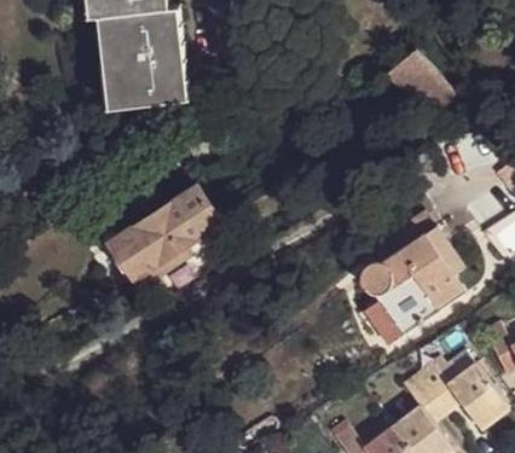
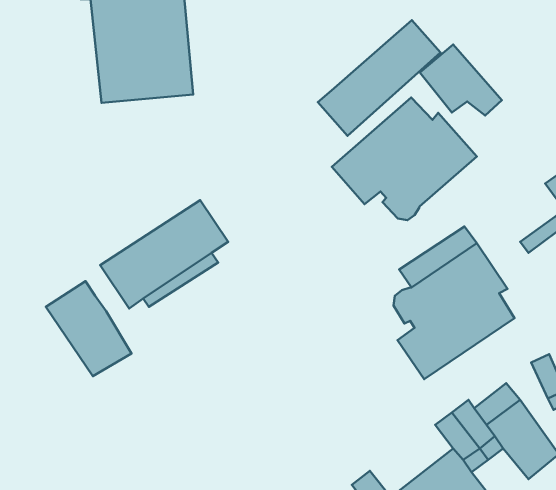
building: none -> [318,20,441,136]
building: none -> [332,97,477,220]
building: none -> [46,281,132,376]

